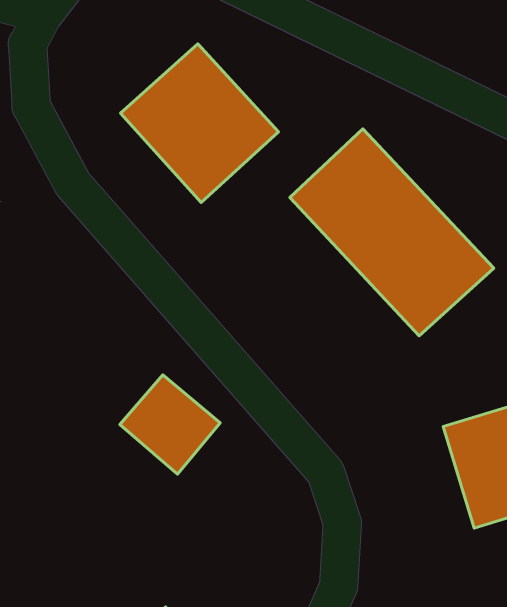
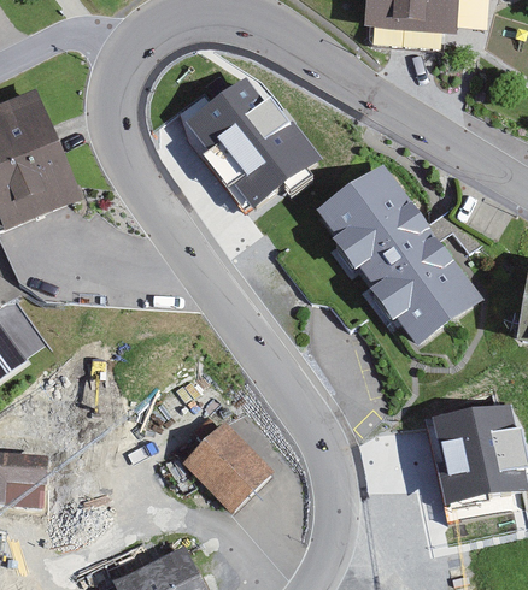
building: [120,375,220,474] -> [187,425,270,508]

